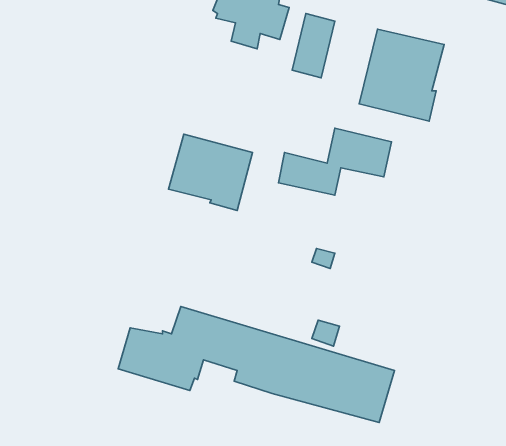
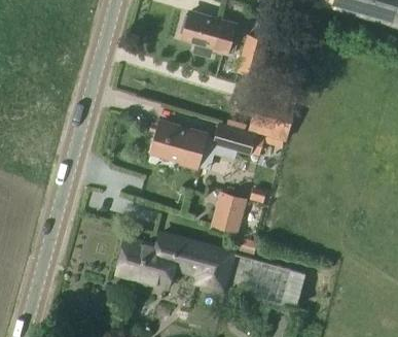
building: [359,29,444,121] -> none
building: none -> [210,190,246,233]

